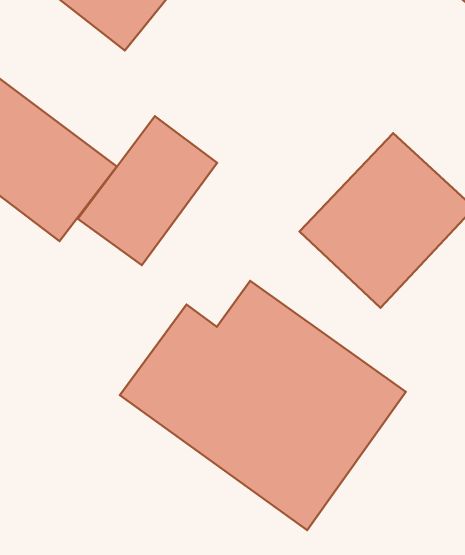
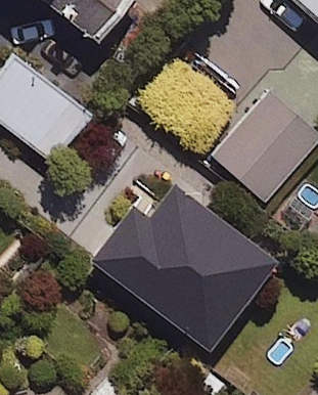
building: [78,116,217,265] -> none

